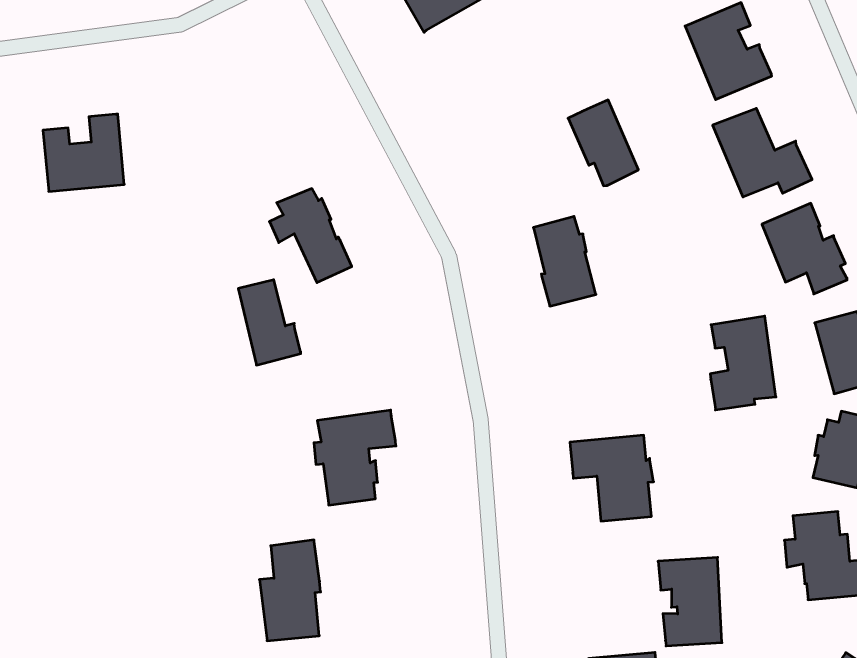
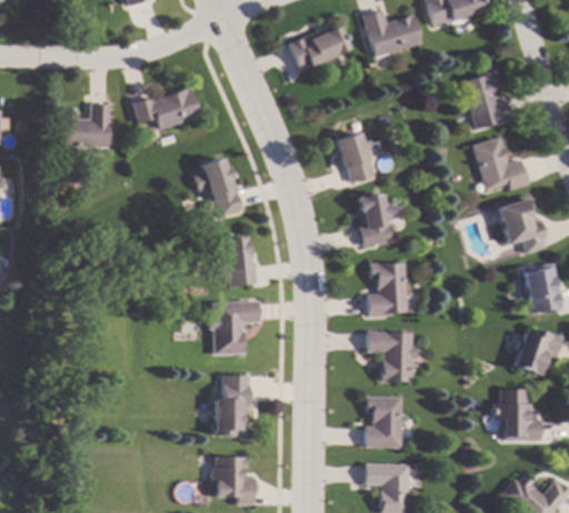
building: none -> [133,88,200,128]
building: [568,100,638,186] -> [333,130,373,182]
building: [238,280,301,365] -> [223,235,258,286]
building: [710,316,776,410] -> [367,261,406,315]
building: [259,540,321,641] -> [214,374,251,433]
building: [658,557,722,646] -> [366,394,402,447]

